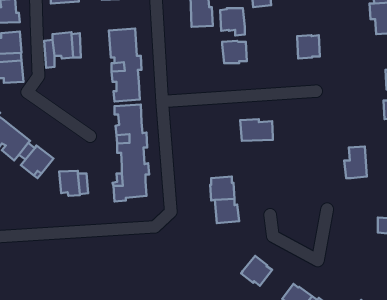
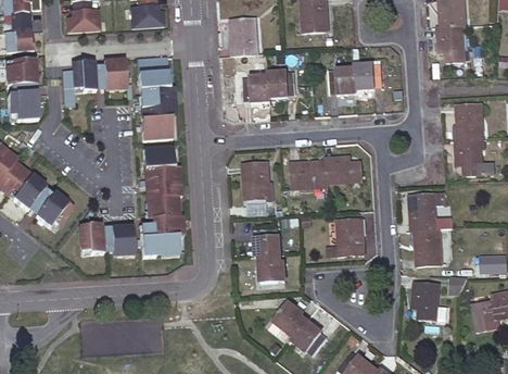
building: [220,8,245,35] -> [242,74,270,105]
building: none -> [103,58,126,89]
building: none -> [329,65,356,92]
building: none -> [325,155,360,182]
building: none -> [241,161,268,198]
building: none -> [335,216,363,254]
building: none -> [111,223,134,252]
building: none -> [415,227,441,264]
building: none -> [412,282,439,320]
building: none -> [272,301,306,337]

